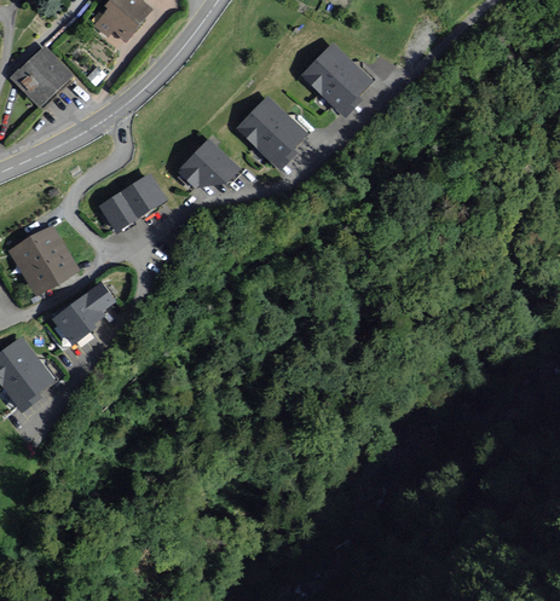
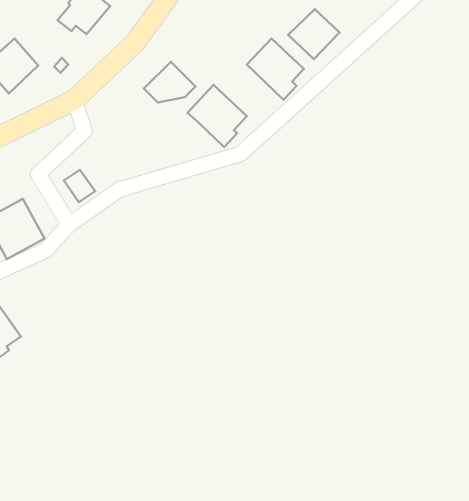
building: none -> [288,9,340,59]
building: [179,140,237,186] -> [144,62,196,103]
building: [122,174,164,216] -> none
building: [53,284,112,342] -> none

